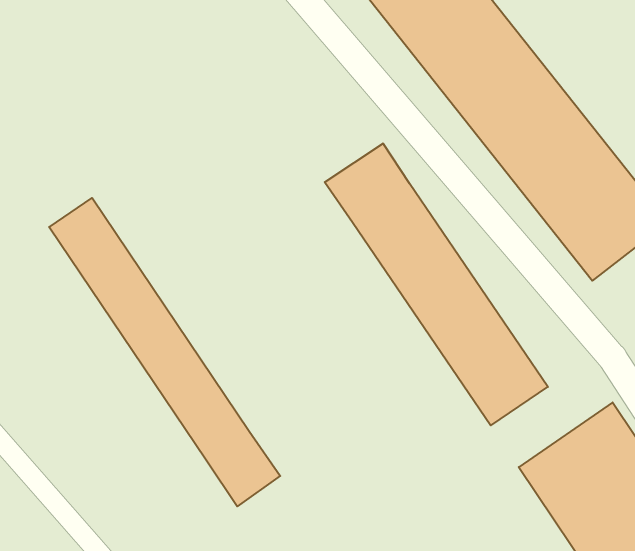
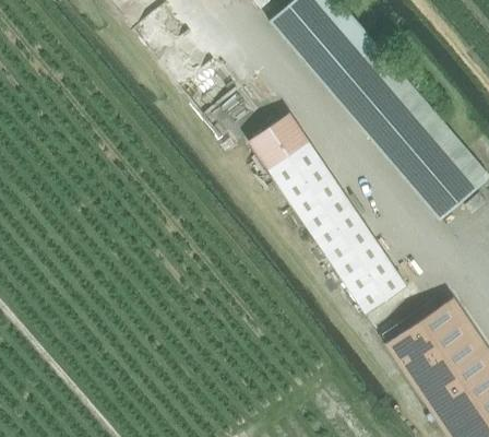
building: [49,198,280,506] -> none

